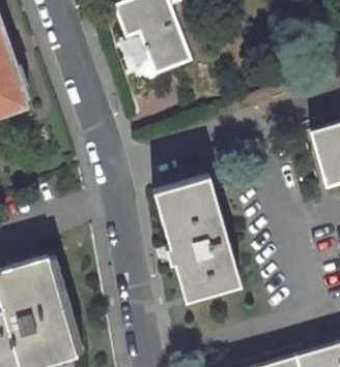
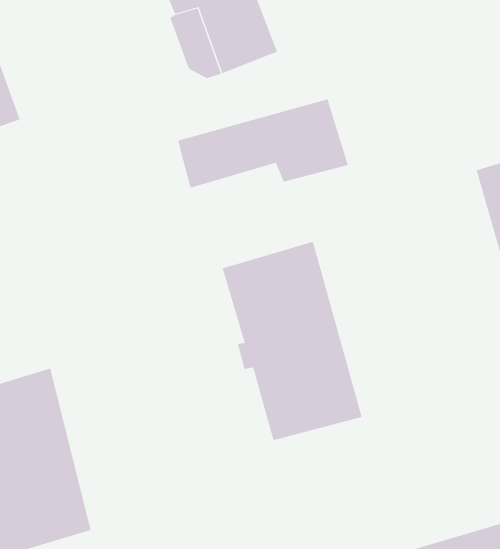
building: none -> [178,98,349,189]

